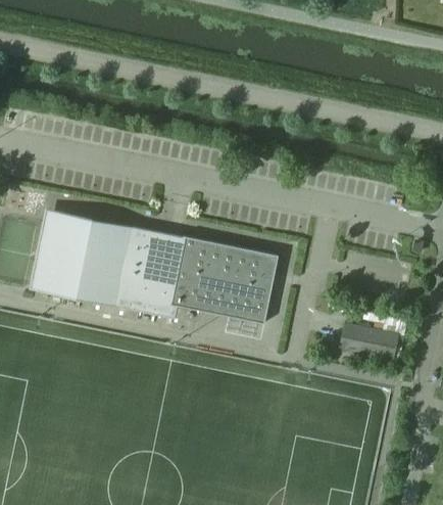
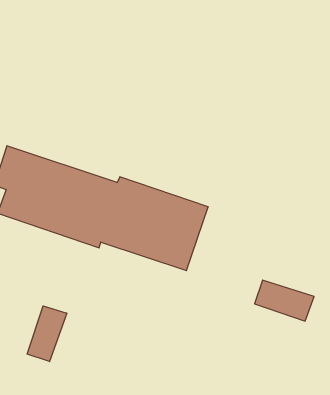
building: none -> [27,306,67,362]

